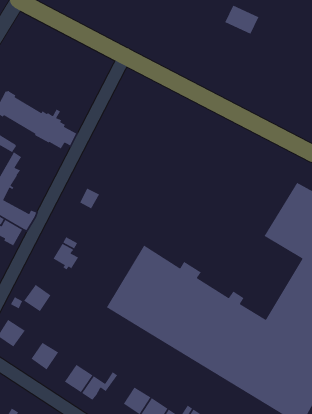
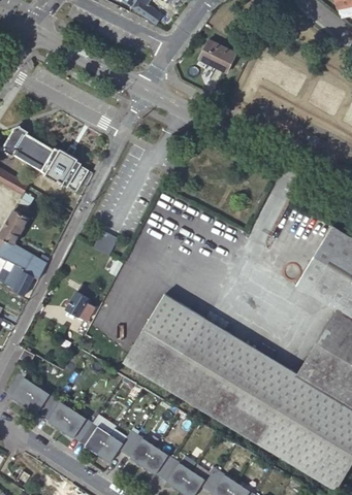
building: [224,4,259,35] -> [199,40,237,73]
building: [23,284,52,312] -> [25,387,56,418]
building: none -> [61,410,93,442]
building: none -> [125,435,156,466]

